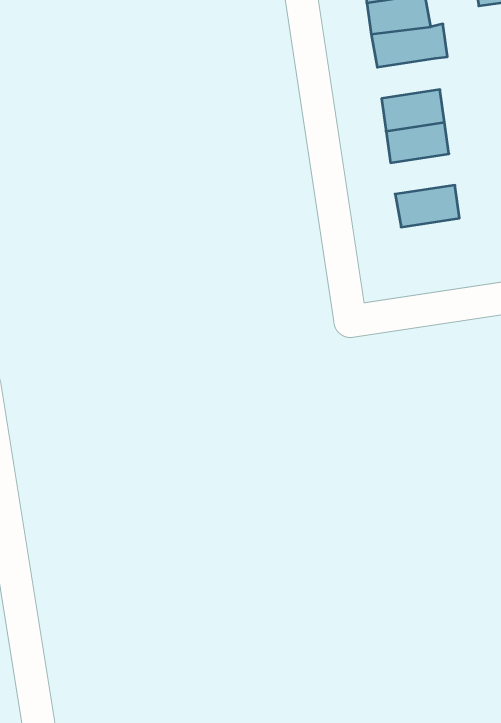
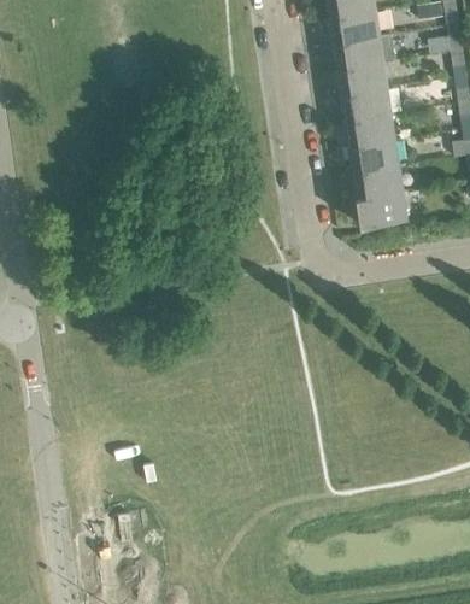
building: none -> [336,63,387,95]
building: none -> [347,140,399,172]
building: none -> [356,192,406,225]

